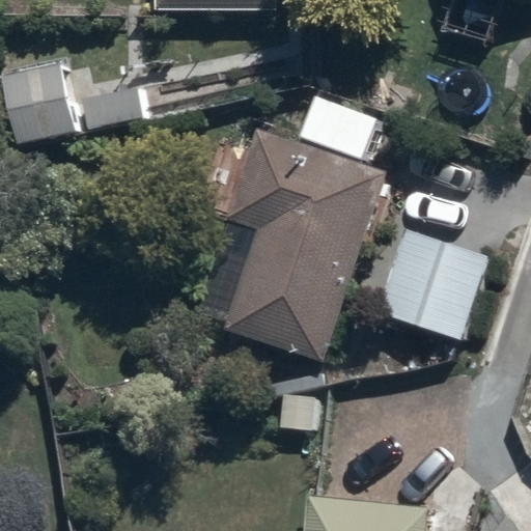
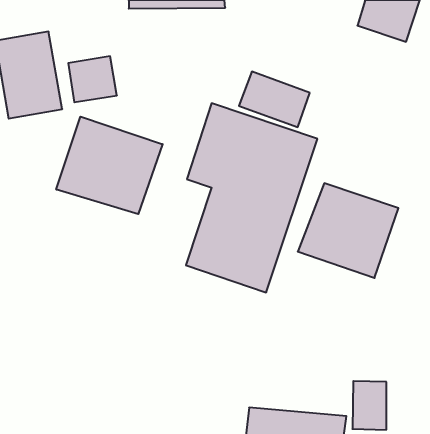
building: none -> [56,117,163,214]

